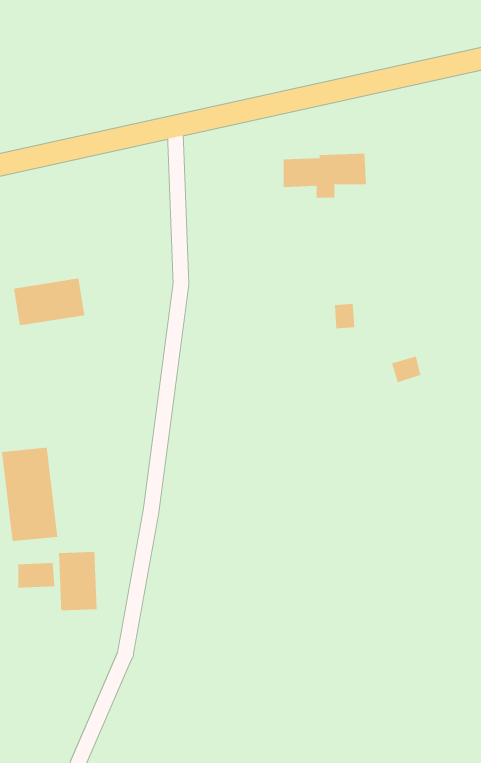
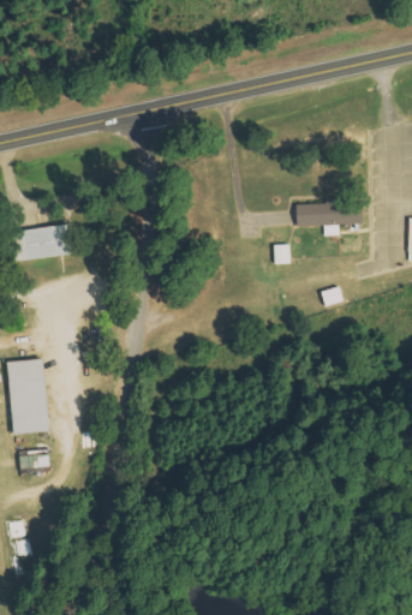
building: [283,153,367,198] -> [295,199,363,235]
building: [58,551,97,611] -> none

